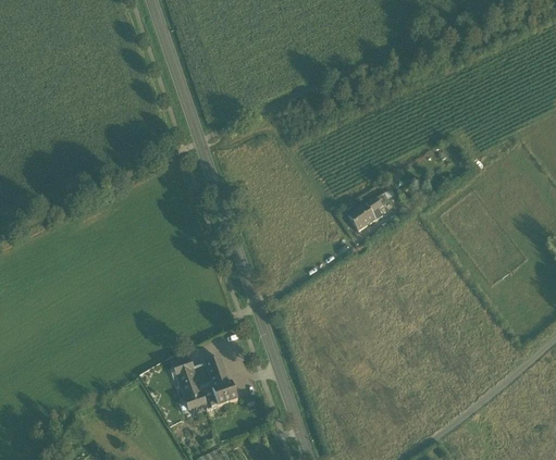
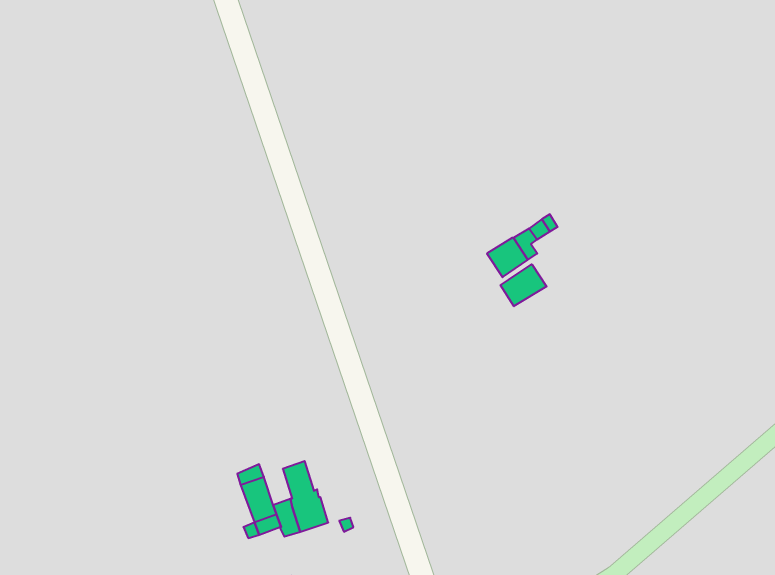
building: none -> [501,264,547,306]

